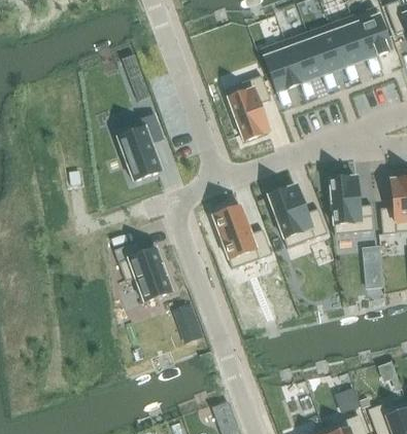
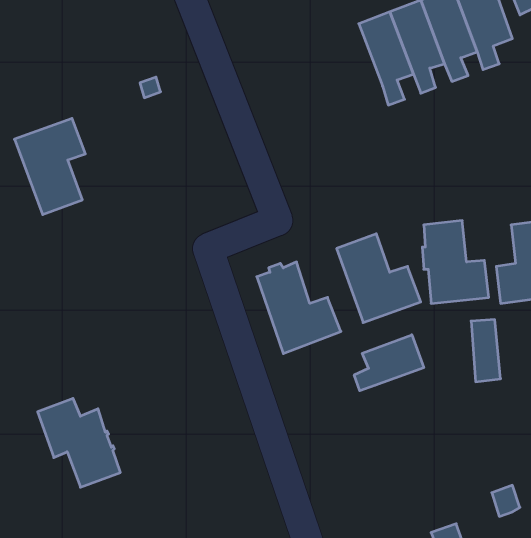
building: [261,40,301,105] -> none
building: [225,75,271,141] -> none
building: [114,114,164,181] -> [14,118,85,215]
building: [114,241,172,302] -> [38,398,120,487]
building: none -> [354,335,424,391]

